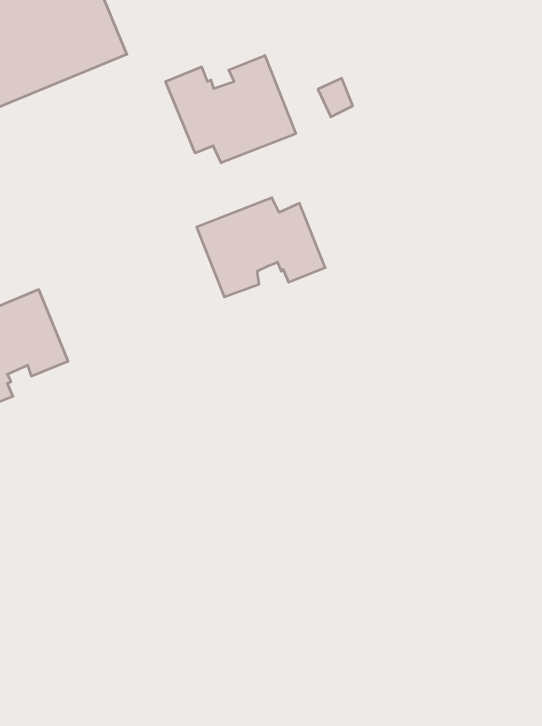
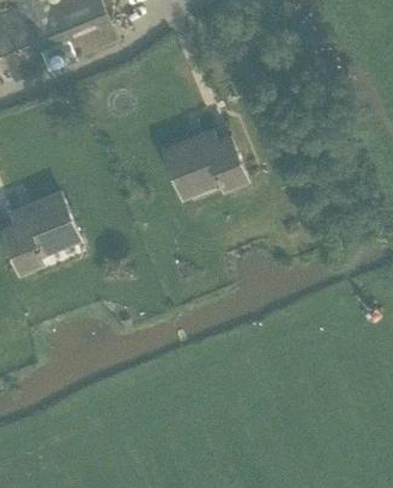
building: [166,55,296,163] -> none

